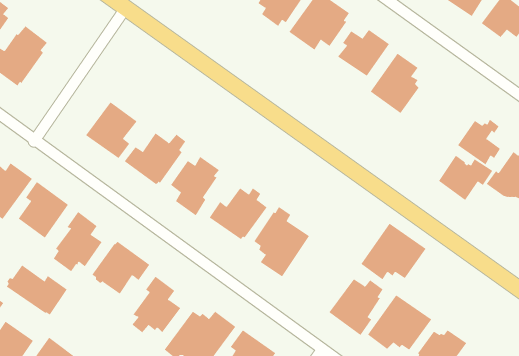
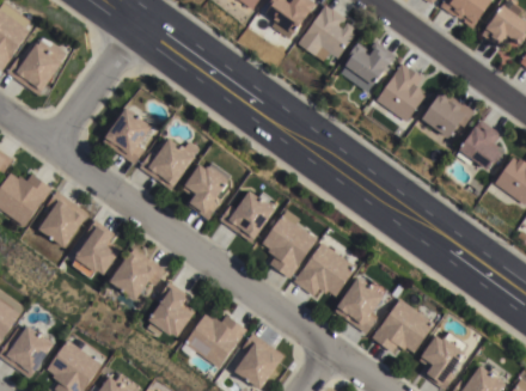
building: [438,155,493,201] -> [422,97,475,141]
building: [360,223,427,280] -> [295,245,359,300]
building: [6,264,67,315] -> none

